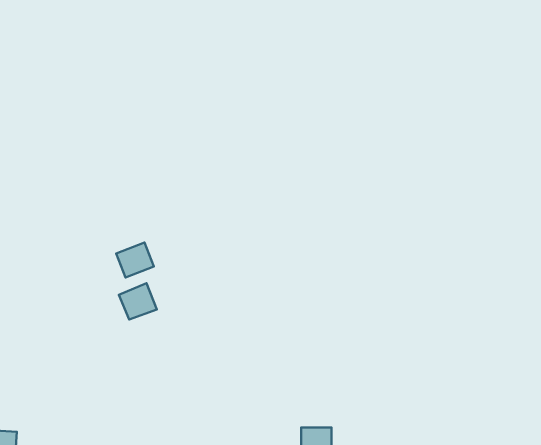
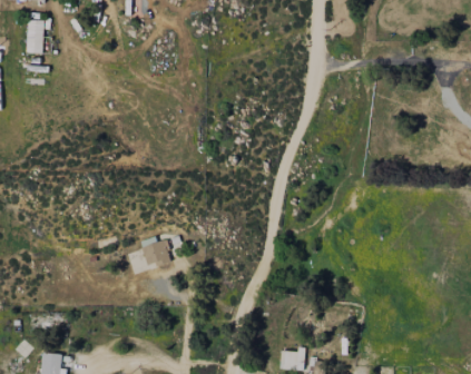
building: [116,242,154,277] -> none

